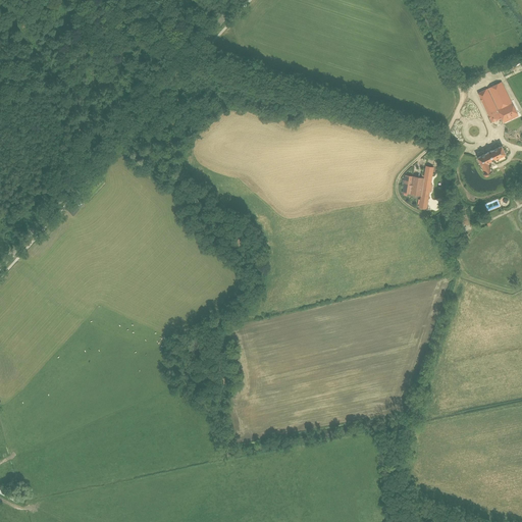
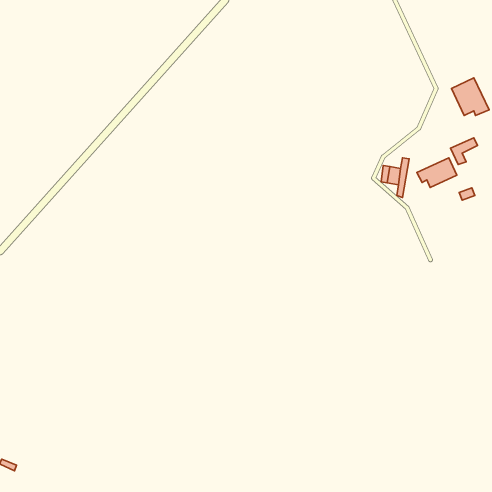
building: none -> [417,158,457,188]

